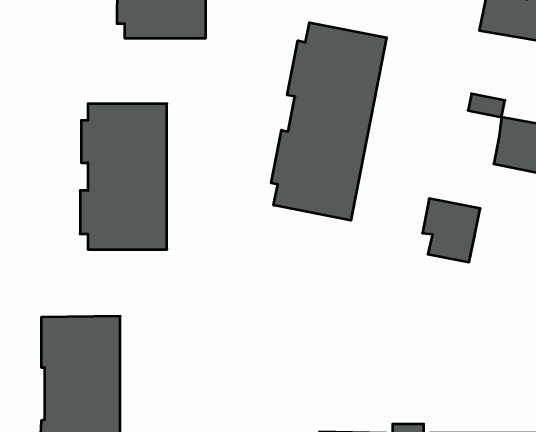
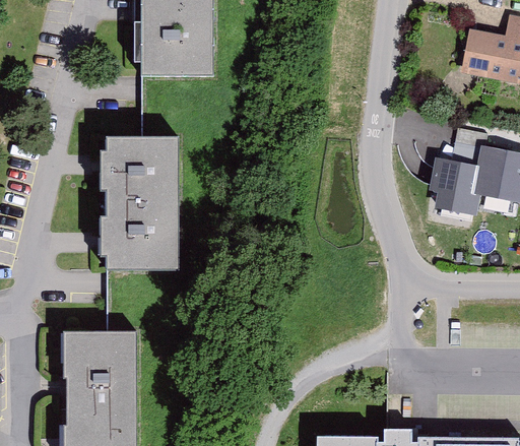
building: [271,23,387,220] -> none
building: [422,199,480,262] -> [430,157,482,215]

